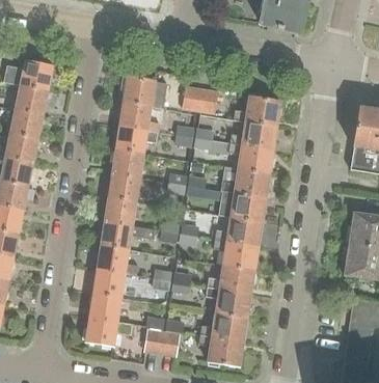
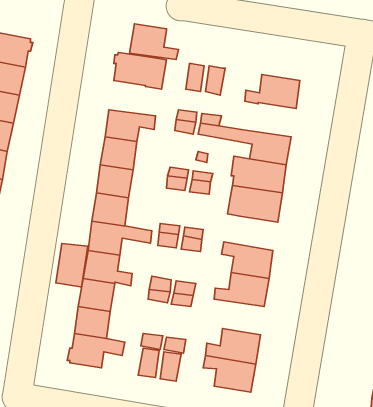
building: [118,101,160,131] -> [130,24,179,59]
building: [231,119,277,148] -> none
building: [216,216,262,245] -> none
building: none -> [56,243,88,287]
building: [206,286,250,317] -> none

